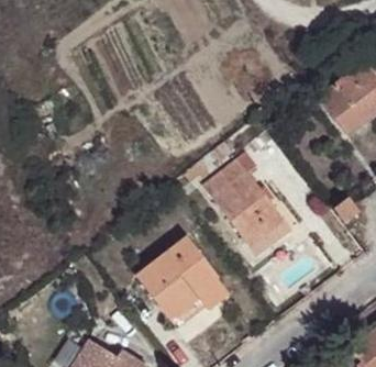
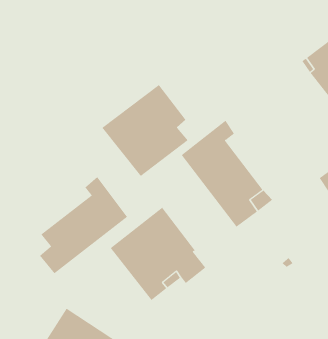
building: none -> [102,84,188,177]
building: none -> [39,176,128,274]

